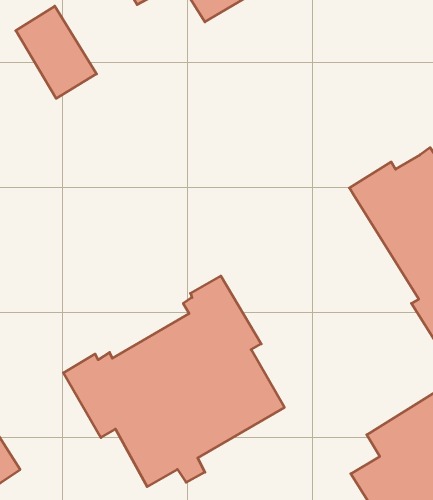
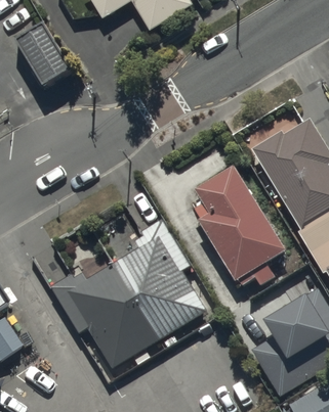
building: none -> [196,169,288,285]

